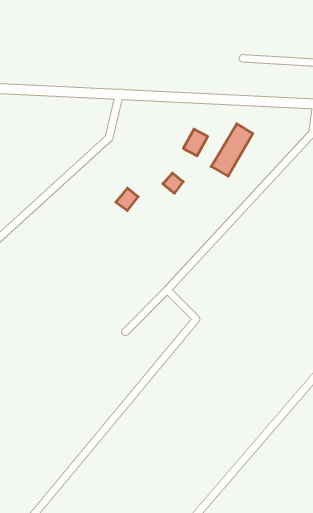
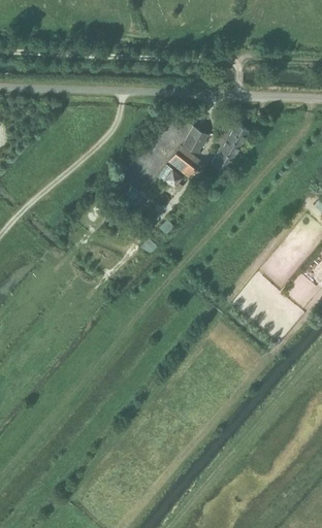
building: none -> [167,146,201,179]

